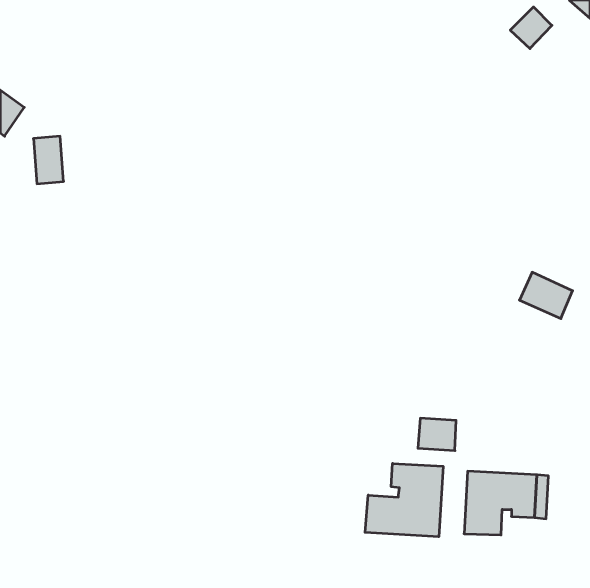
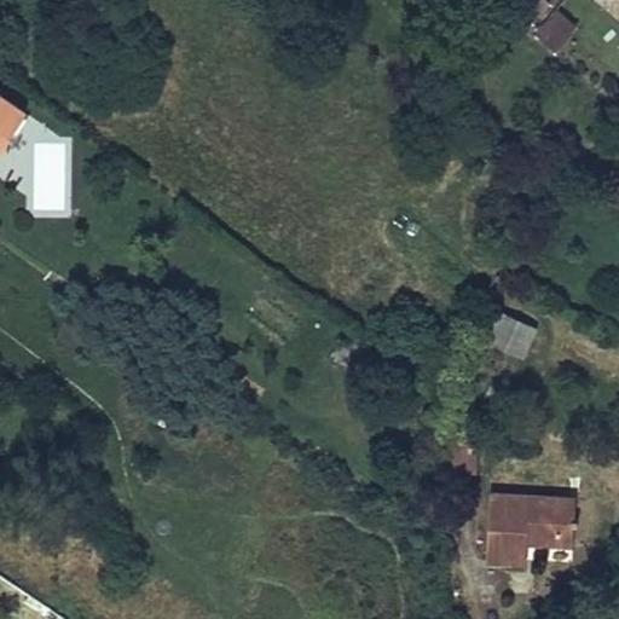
building: [519,272,573,319] -> [480,311,536,359]
building: [365,463,443,537] -> none

